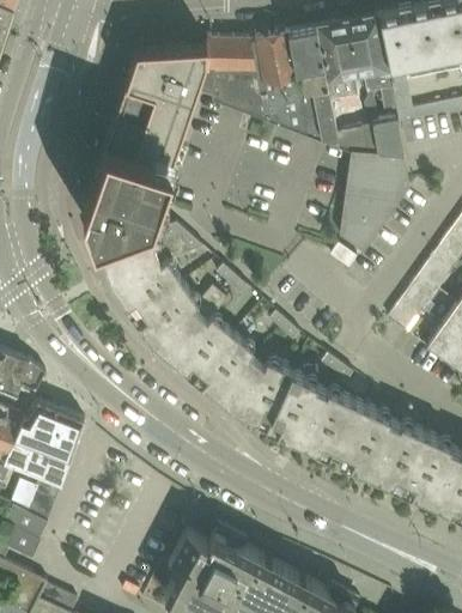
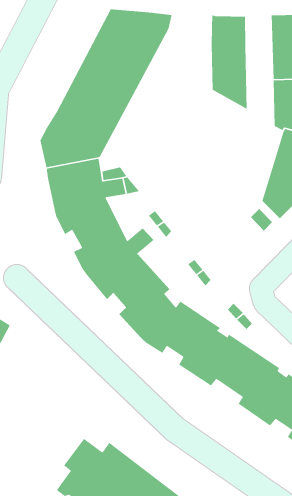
building: [288,28,340,151] -> none
building: [207,38,265,122] -> none

